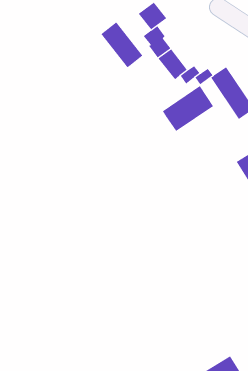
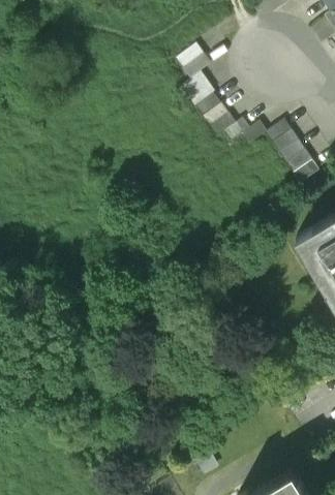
building: [100,22,143,68] -> none
building: [162,85,214,132] -> none

